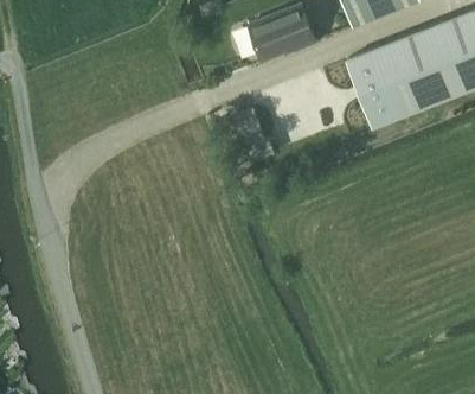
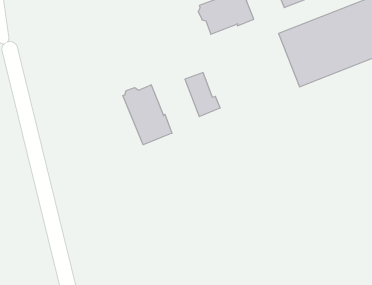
building: none -> [123,85,172,145]

